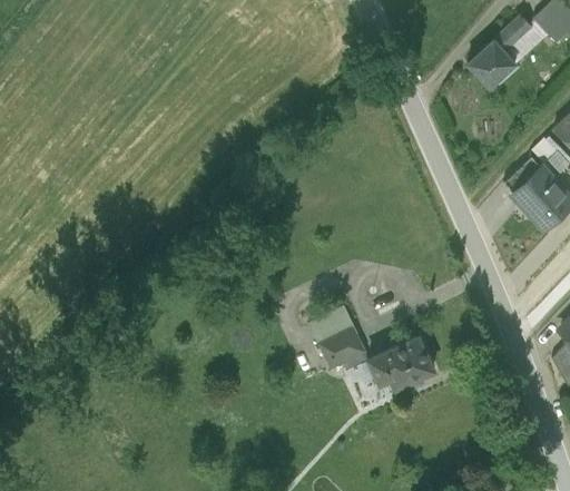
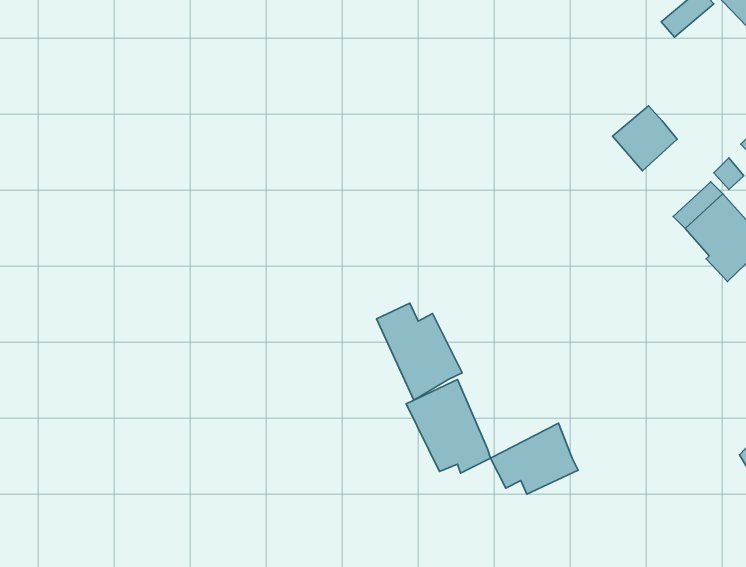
building: [469,41,517,89] -> [612,106,677,171]
building: none -> [377,303,462,400]

